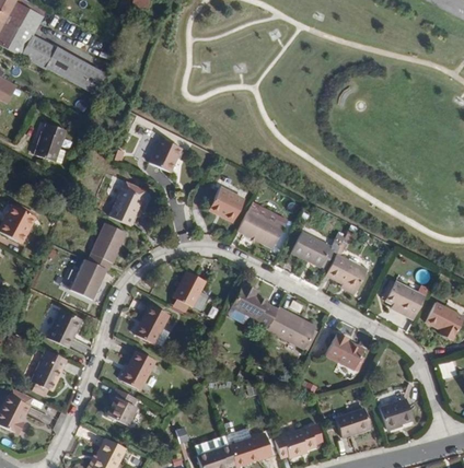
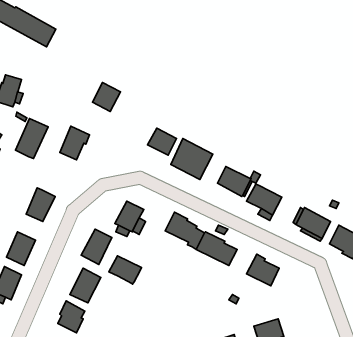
building: [88,222,126,269] -> [16,118,48,159]
building: none -> [109,256,142,284]
building: [380,396,414,426] -> none

